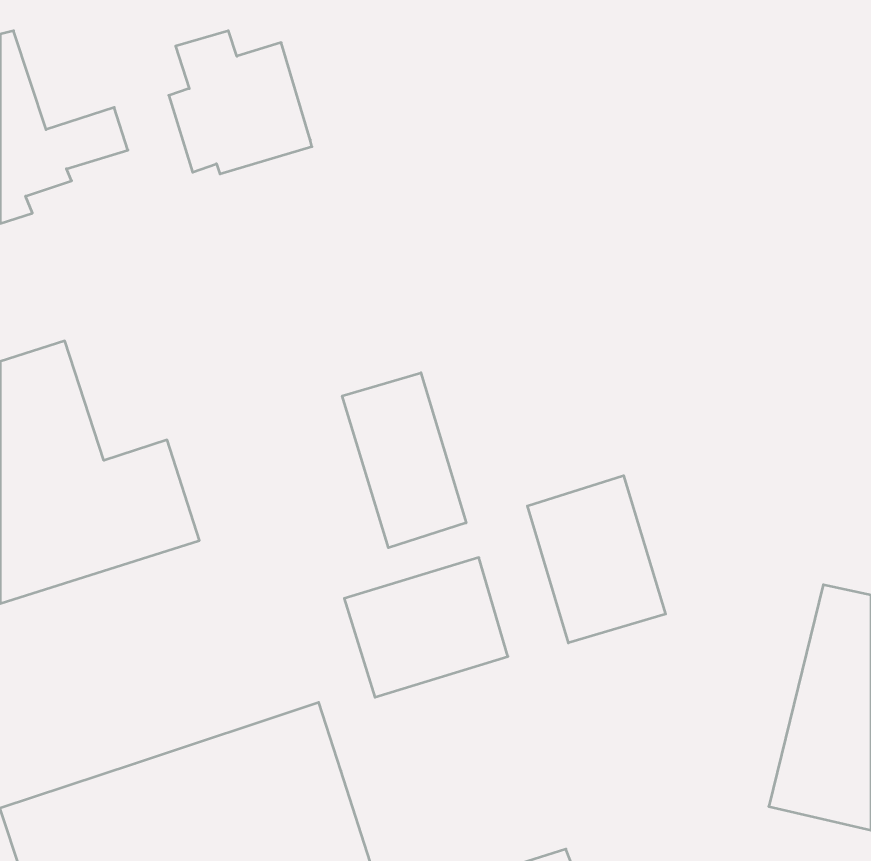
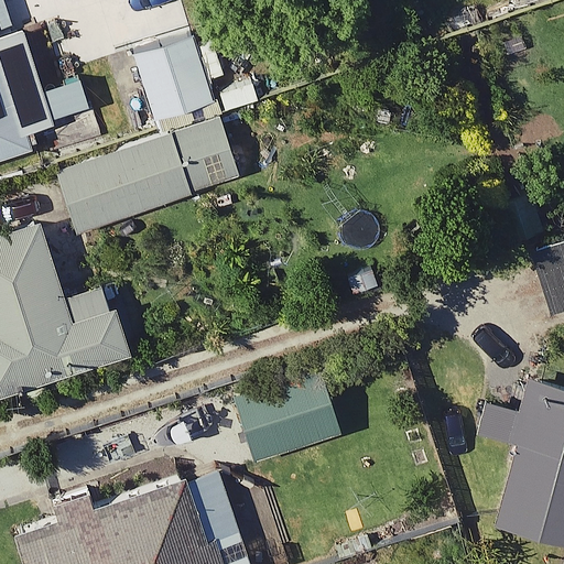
building: none -> [63,121,246,236]
building: [342,373,466,548] -> none
building: [527,476,666,643] -> none

